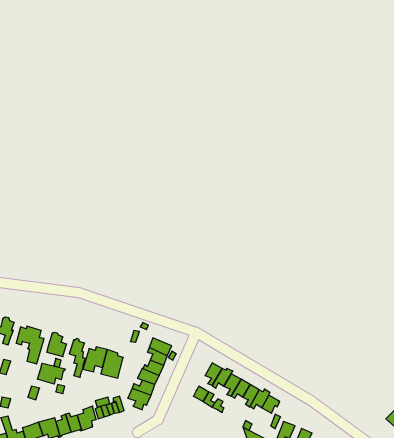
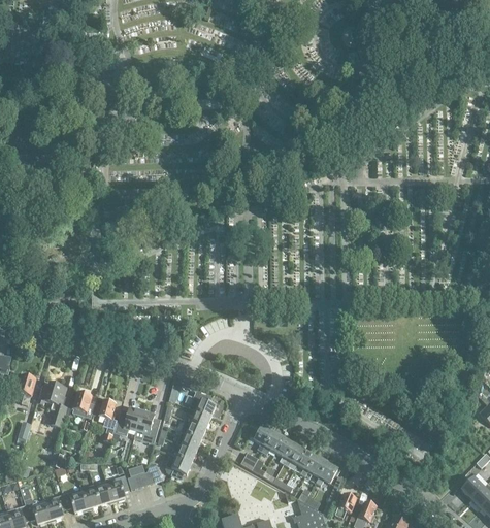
building: [37,363,65,384] -> none

